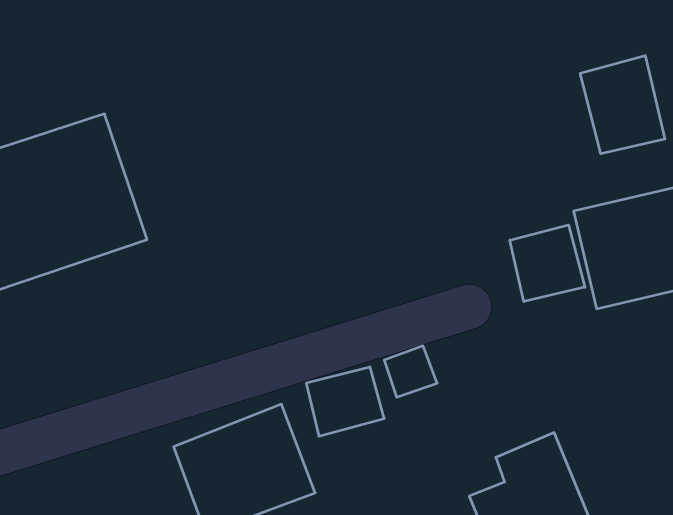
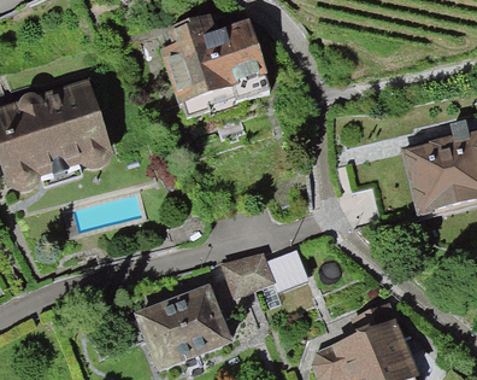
building: none -> [161,23,273,135]
building: [580,56,665,154] -> none
building: [510,225,585,302] -> none

